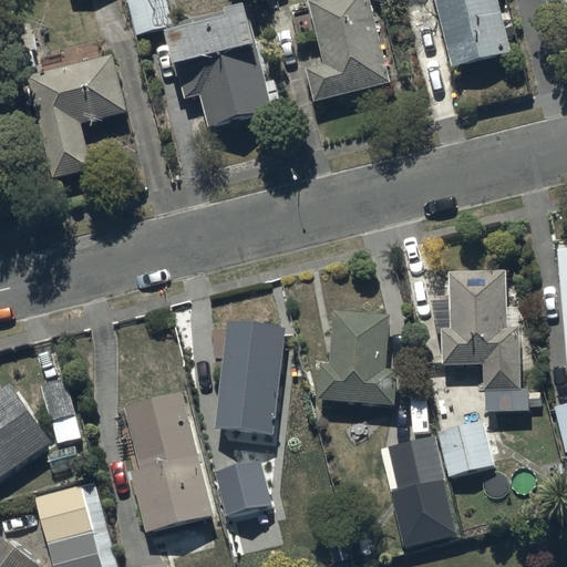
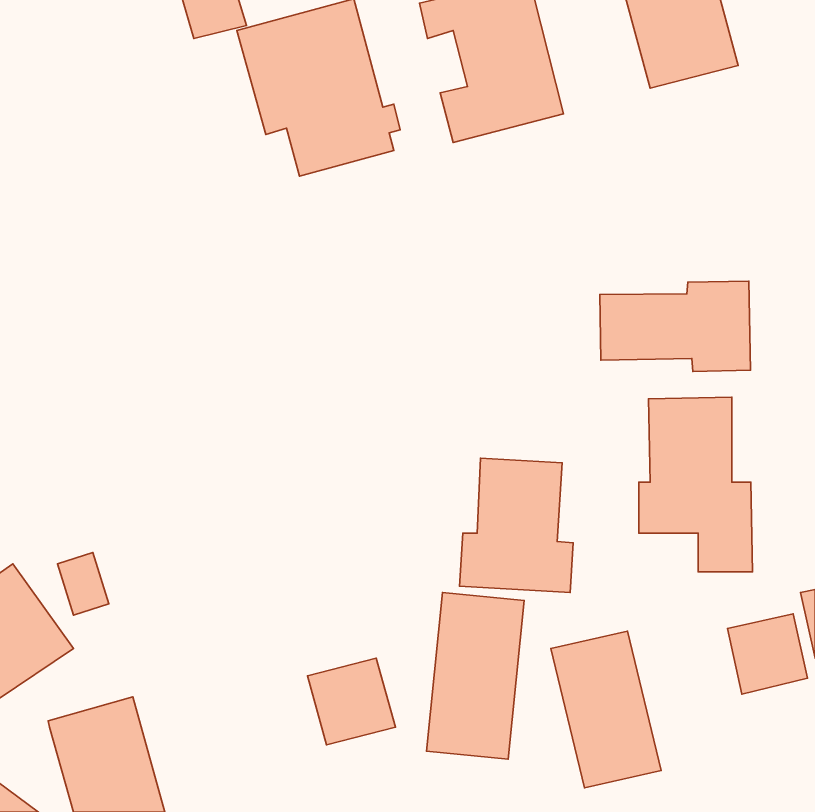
building: [25,50,127,174] -> none
building: none -> [600,281,750,371]
building: [217,327,285,442] -> [427,593,524,759]
building: [124,399,214,540] -> none
building: [437,421,493,476] -> [727,614,807,694]

